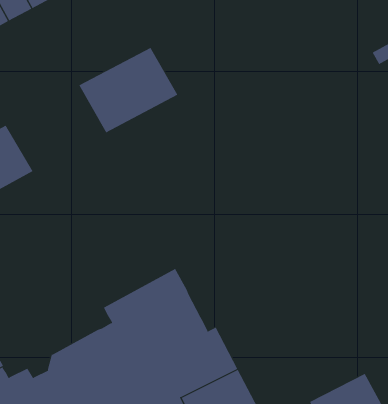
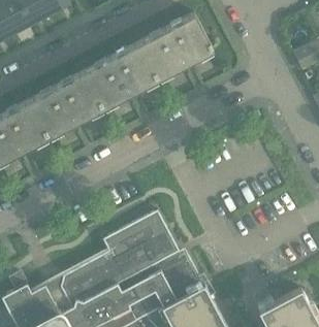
building: none -> [139,13,214,78]
building: none -> [30,71,105,136]

